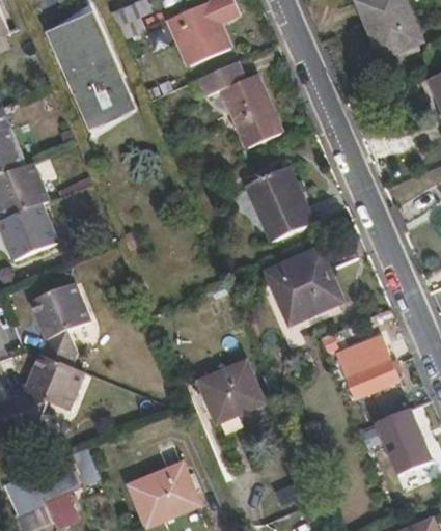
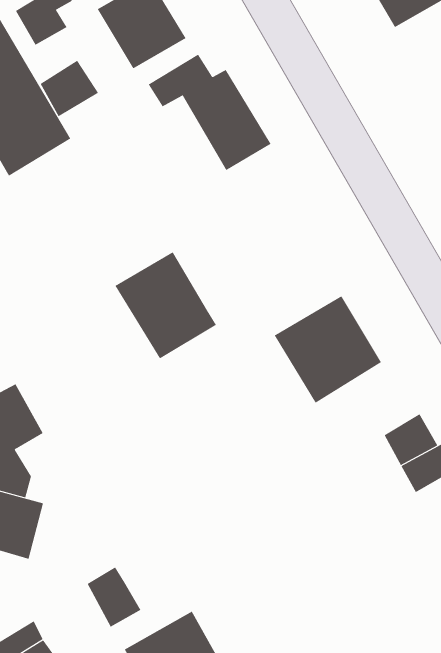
building: none -> [40,60,99,117]
building: [244,165,314,242] -> [114,251,217,359]
building: [197,360,264,423] -> none
building: none -> [87,567,141,628]

